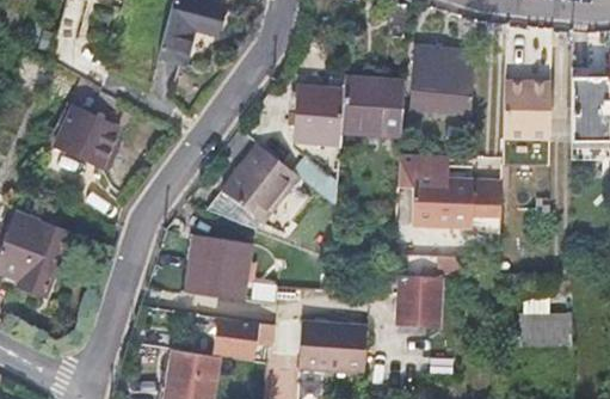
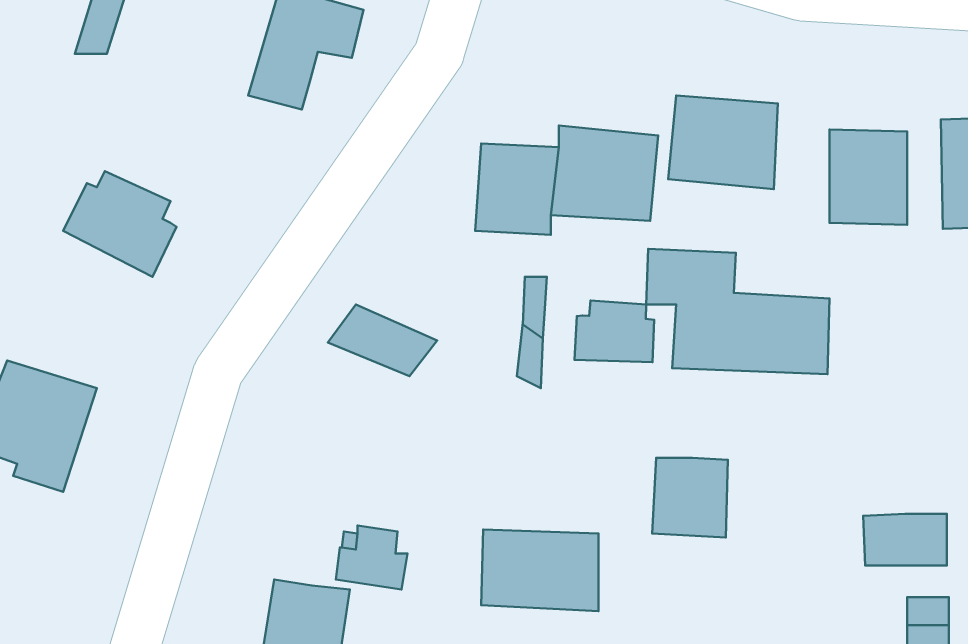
building: [222,143,295,207] -> none
building: none -> [575,300,654,362]
building: [189,234,249,301] -> none

